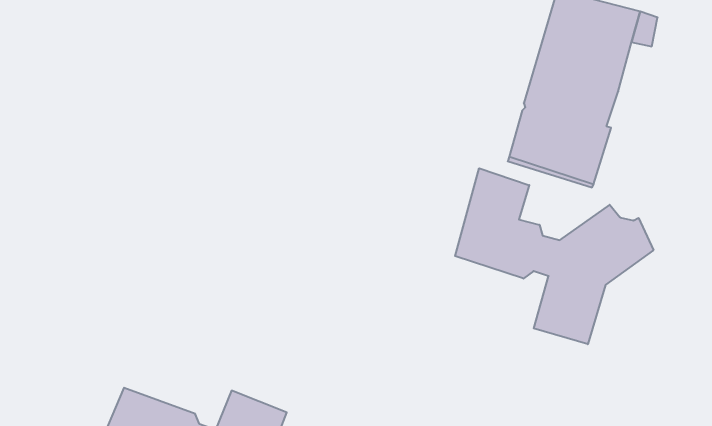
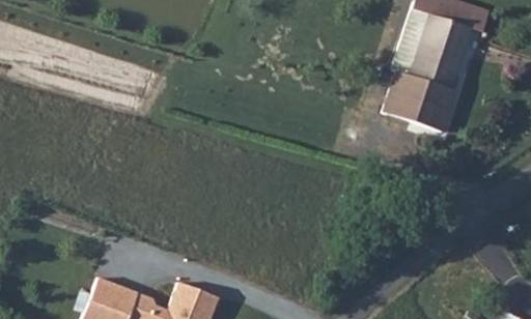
building: [455,168,653,344] -> none

